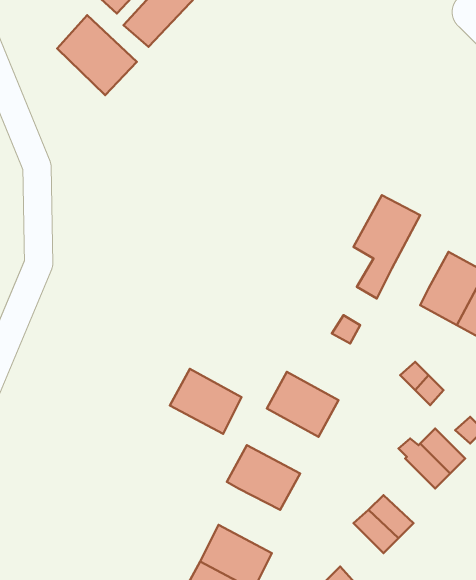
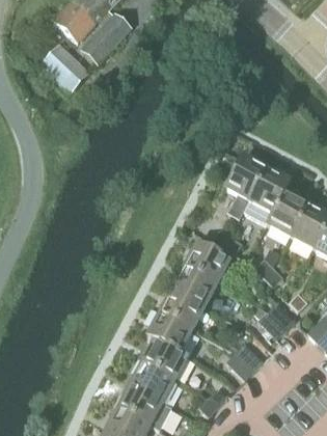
building: none -> [250,167,292,213]
building: none -> [185,242,229,282]
building: [170,369,241,434] -> [160,288,205,328]
building: none -> [142,337,188,378]

